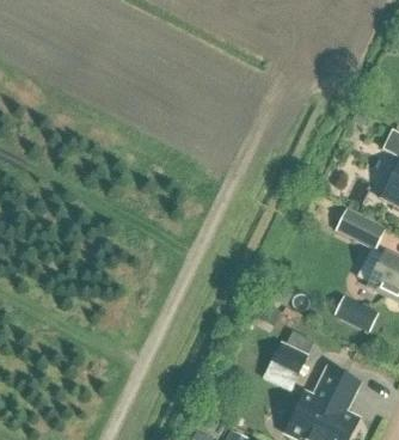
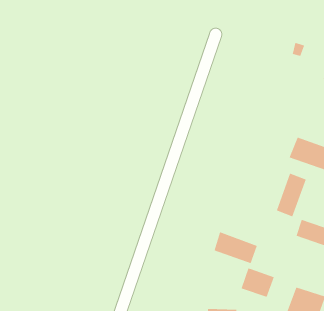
building: none -> [276,173,307,217]
building: none -> [214,231,258,264]

